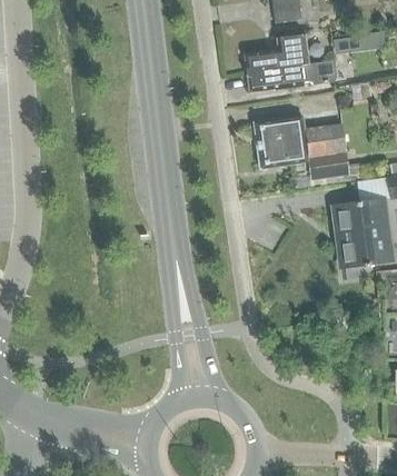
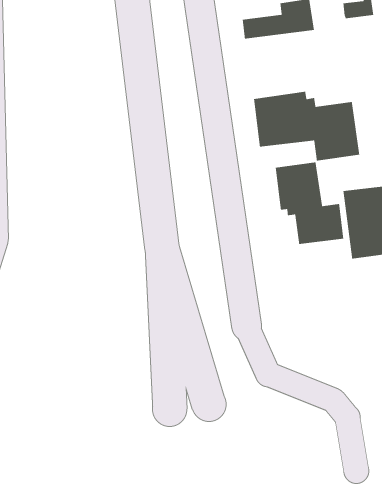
building: [246,59,337,90] -> none
building: none -> [275,161,344,245]

